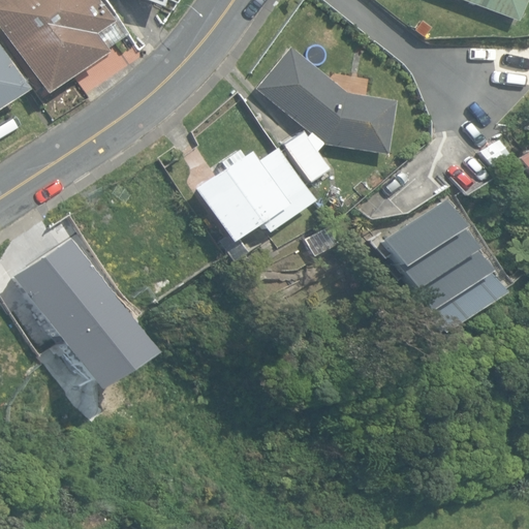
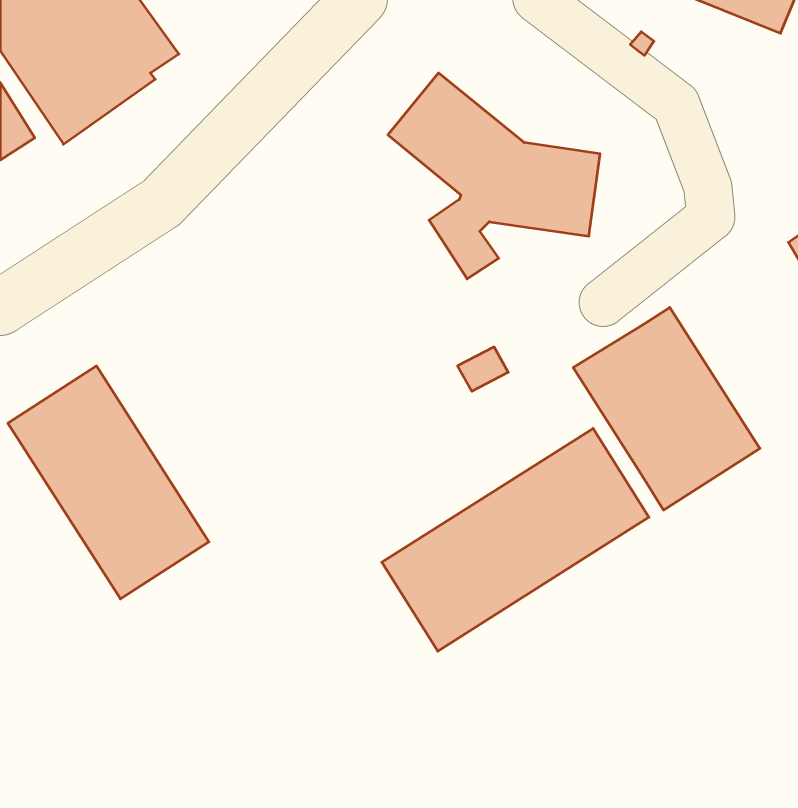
building: [194,147,315,260] -> none
building: none -> [382,428,649,651]

